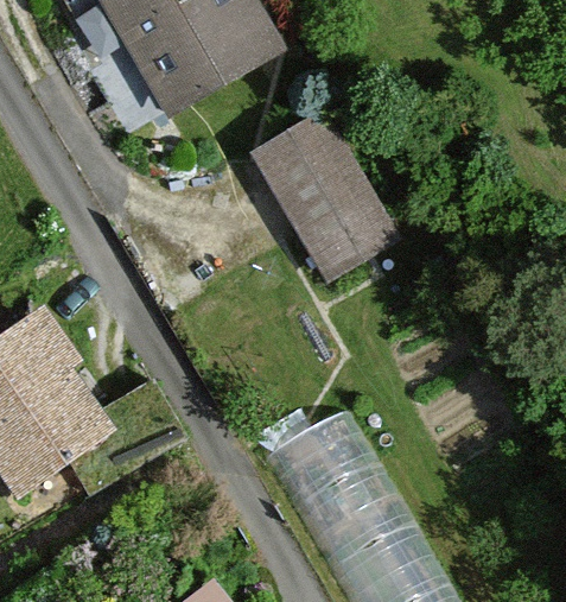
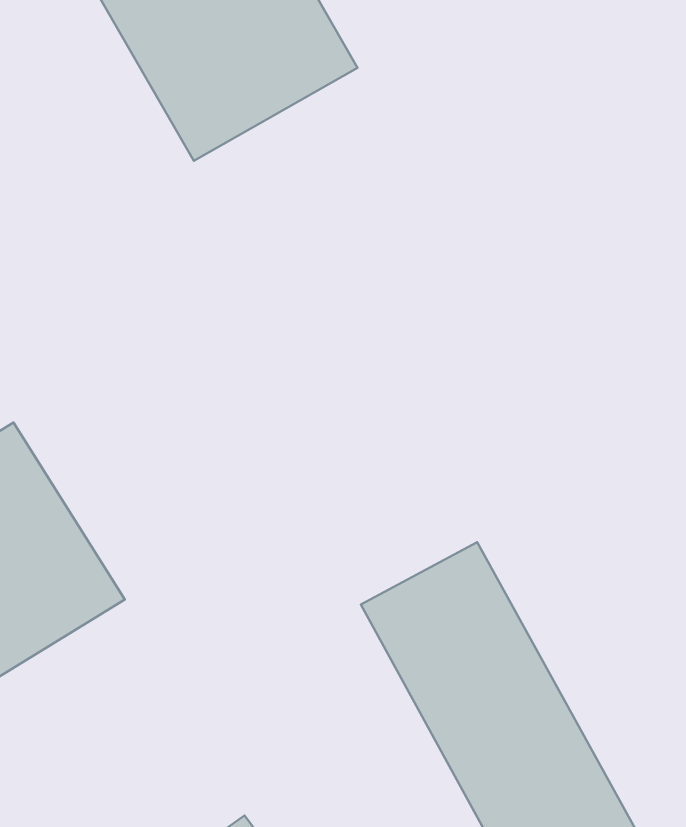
building: [247,119,393,285] -> none

